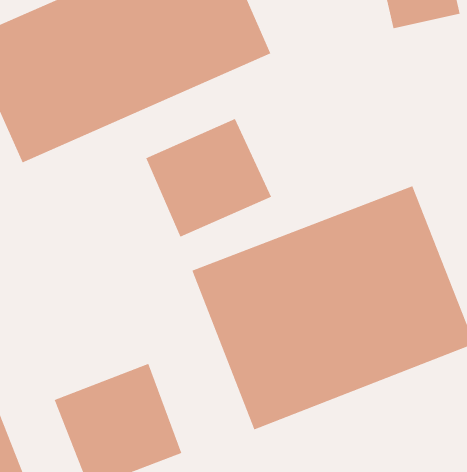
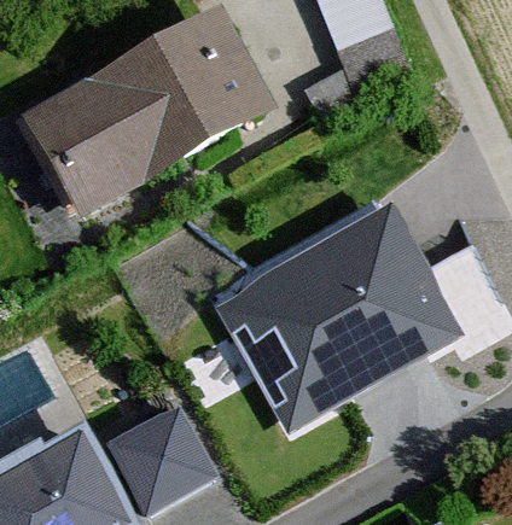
building: [146,118,272,237] -> none

